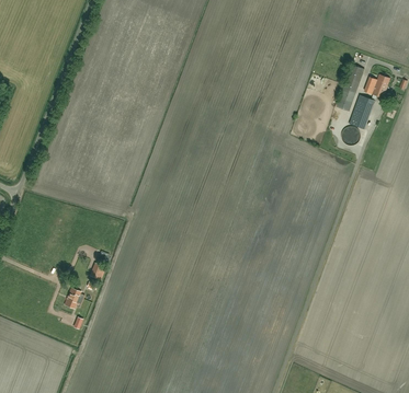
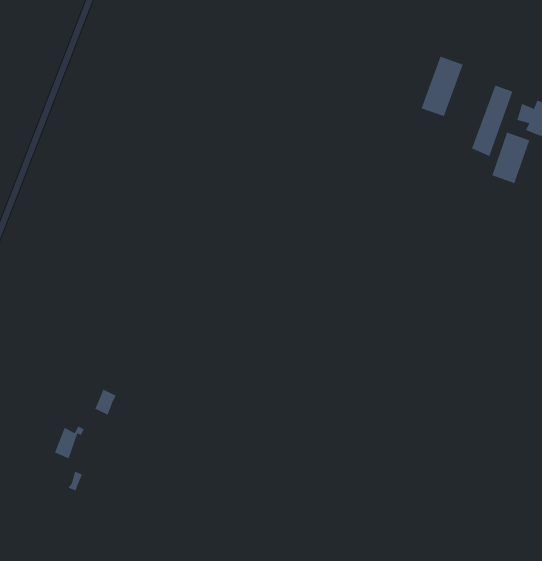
building: none -> [421,56,464,117]

